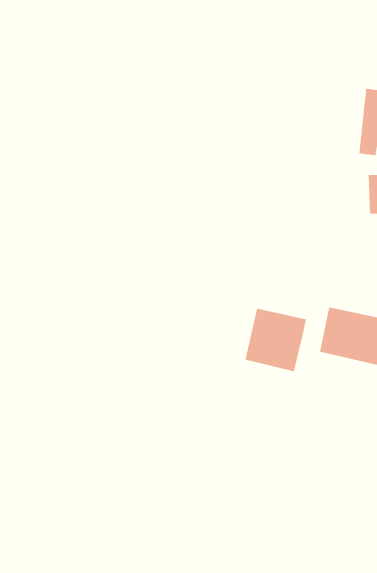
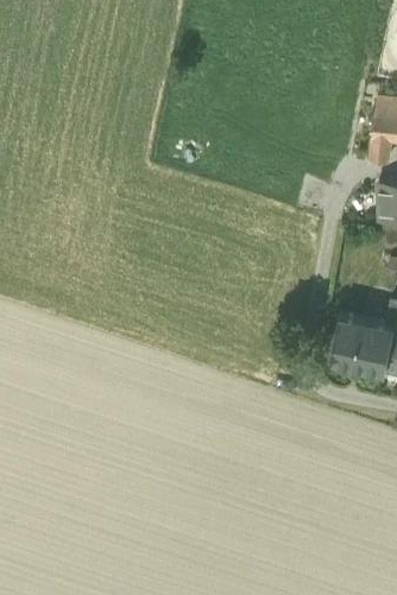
building: [245,308,306,372] -> none

